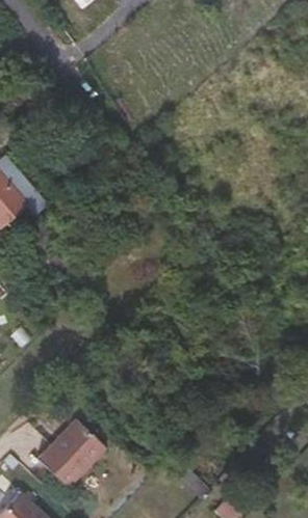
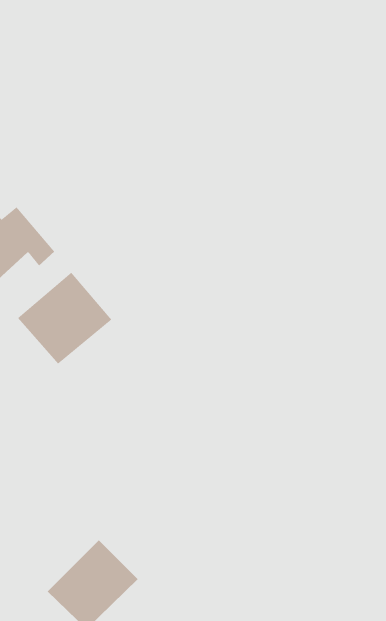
building: none -> [17,272,112,365]

